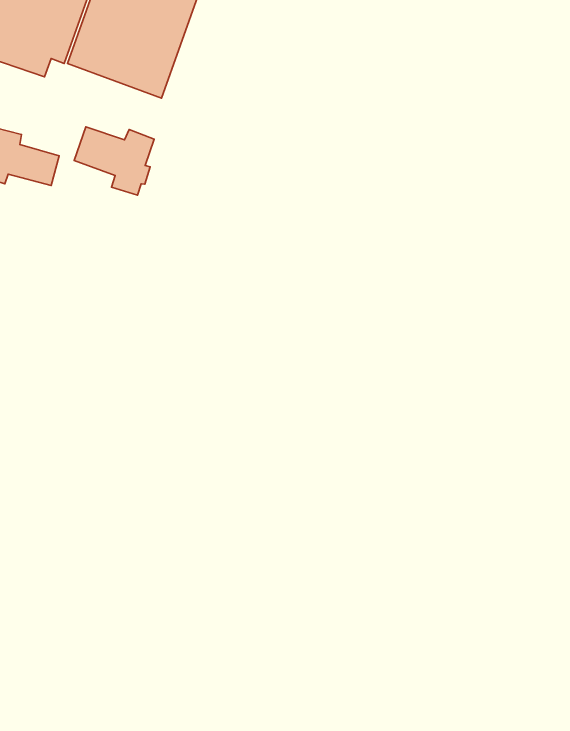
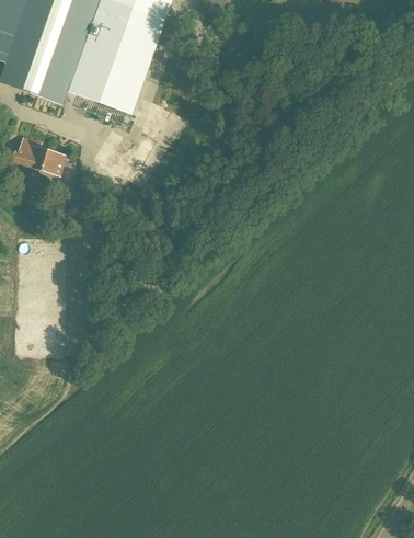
building: [74,127,154,195] -> none

